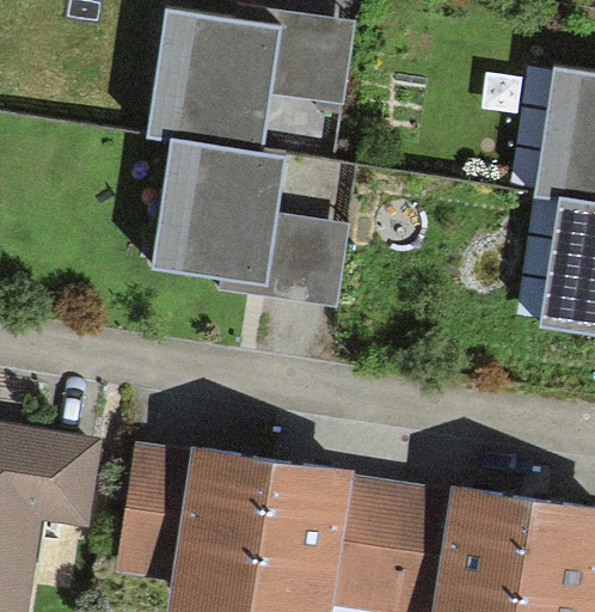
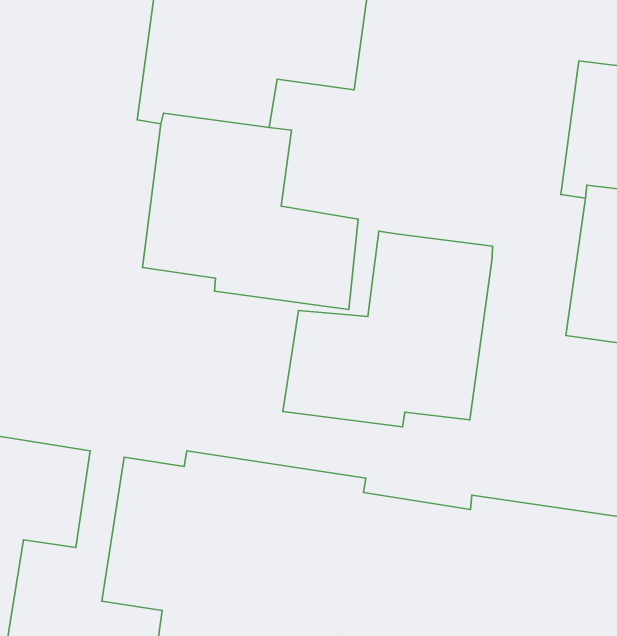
building: none -> [283,231,493,427]

